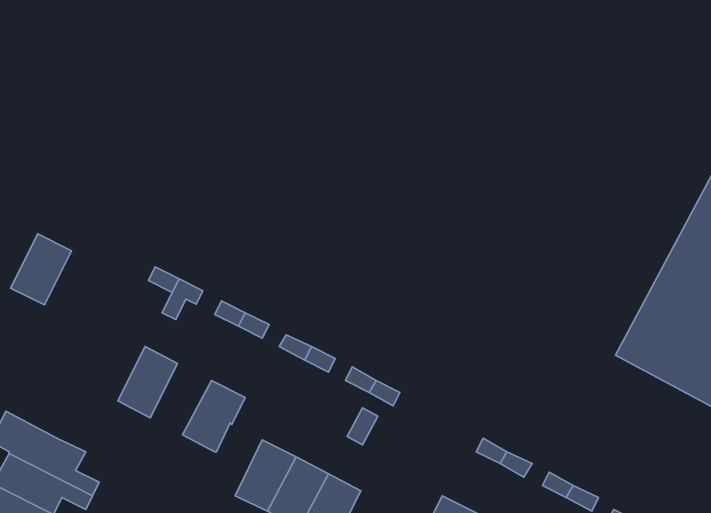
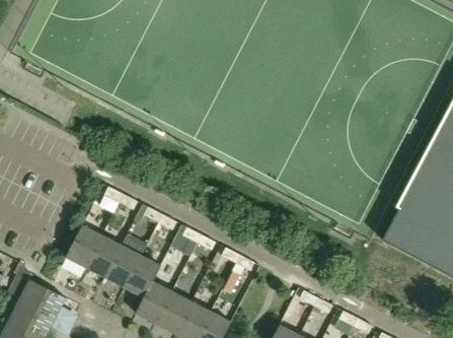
building: [11,234,72,305] -> [65,224,101,267]
building: none -> [104,245,141,287]
building: none -> [135,280,171,324]

